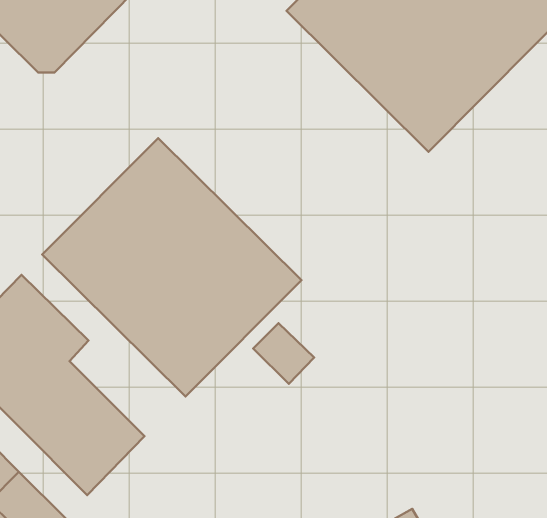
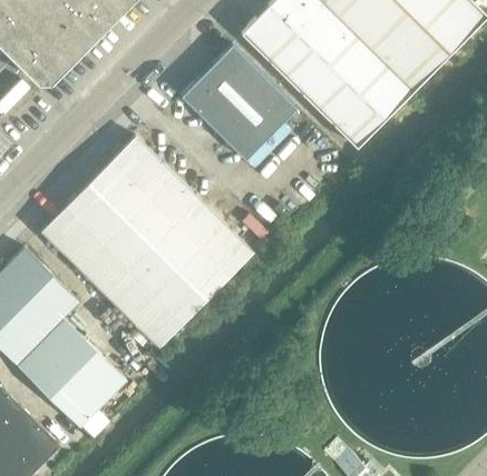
building: none -> [181,46,296,161]
building: [253,323,314,384] -> none

